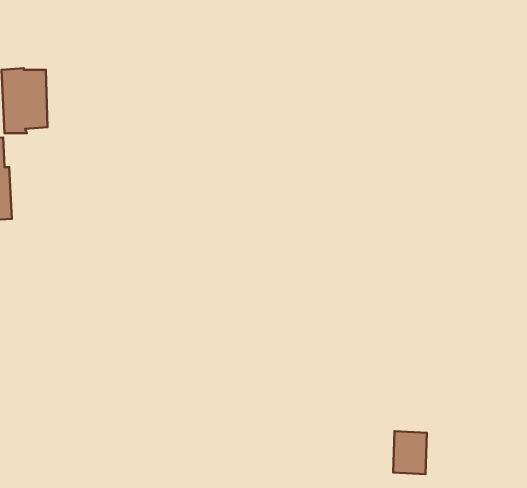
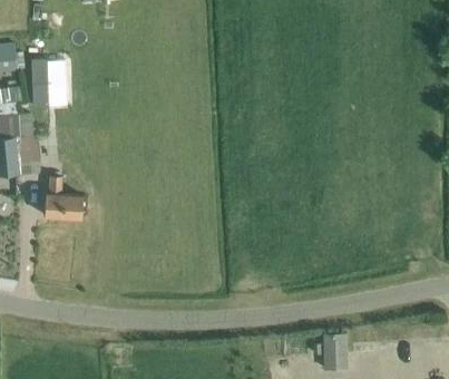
building: none -> [43,176,82,218]

